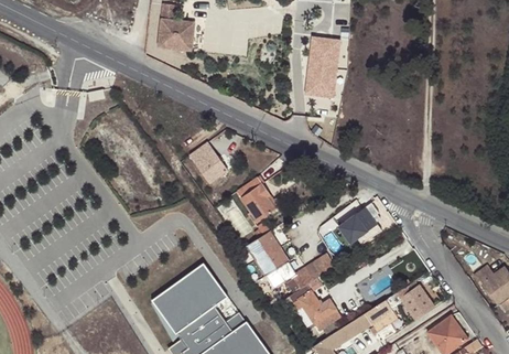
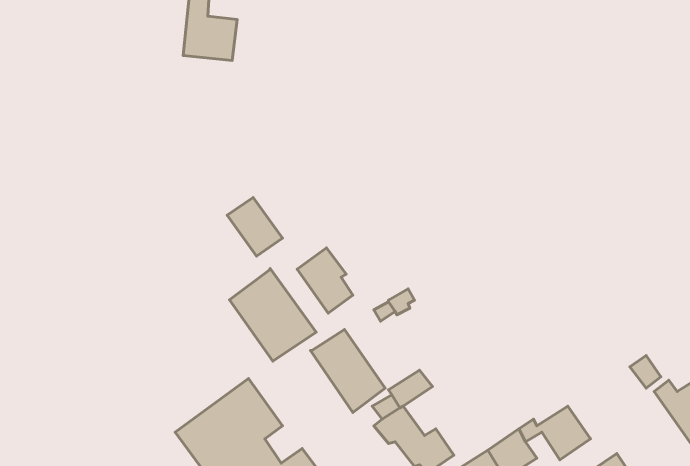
building: [311,34,345,95] -> none
building: none -> [230,268,316,361]
building: [337,203,380,244] -> none

